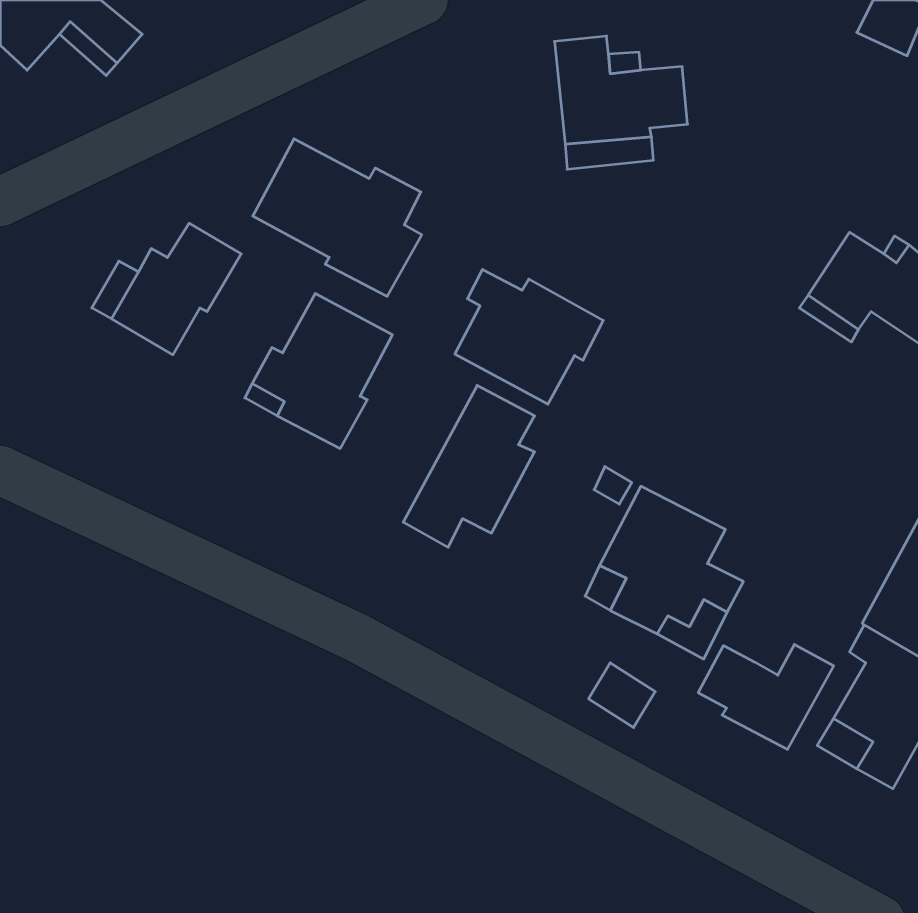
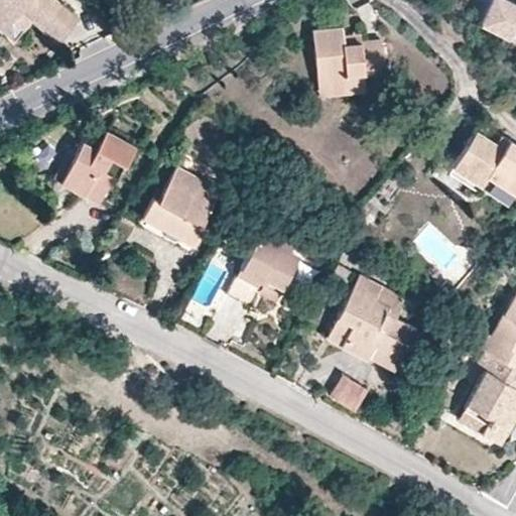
building: [253,139,422,296] -> none
building: [455,269,603,404] -> none
building: [698,644,834,749] -> none

